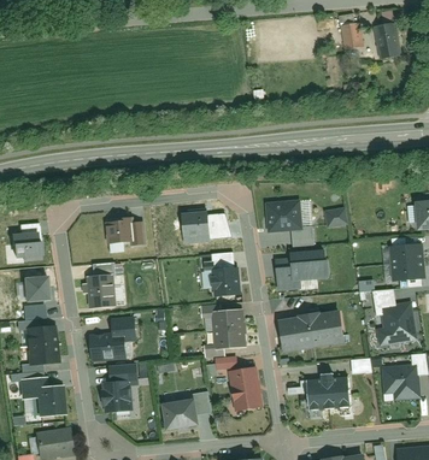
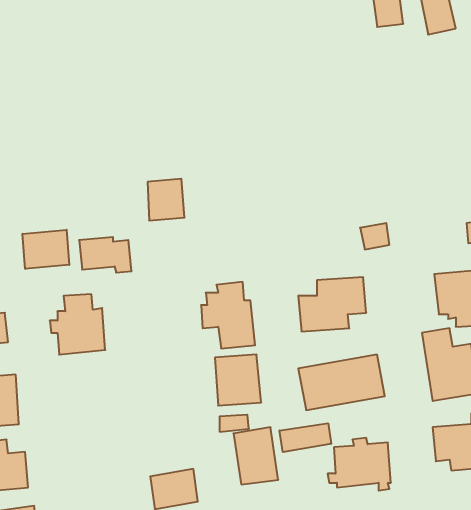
building: [266,199,316,247] -> none
building: [183,211,212,243] -> [148,179,185,220]
building: none -> [23,230,69,269]
building: [90,318,139,360] -> none
building: none -> [280,423,331,452]
building: [101,371,136,412] -> none

